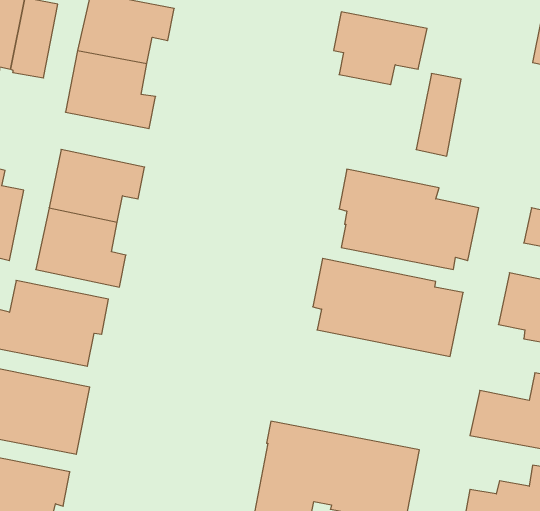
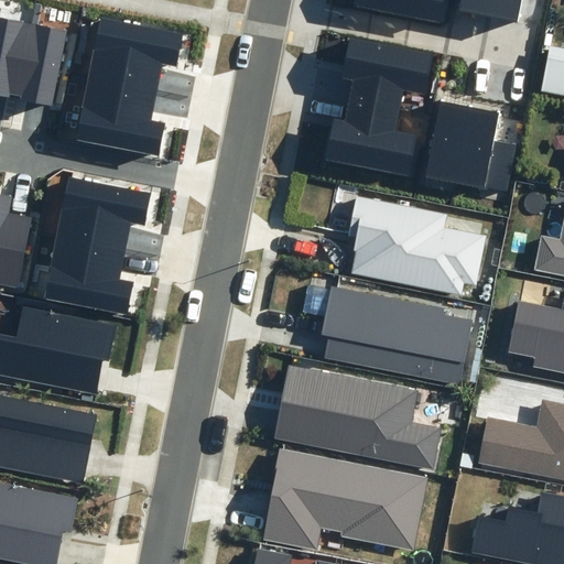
building: none -> [325,101,419,177]
building: none -> [455,106,514,193]
building: none -> [273,365,440,470]

